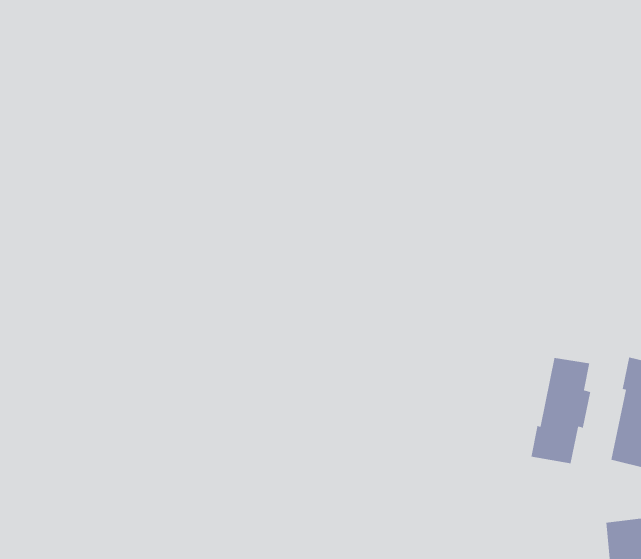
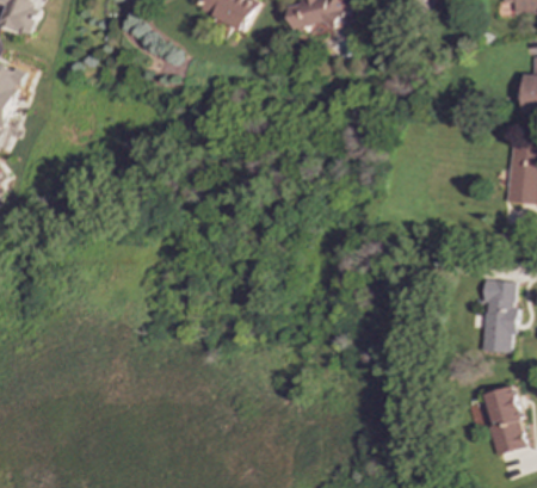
building: [531,357,591,464] -> none

